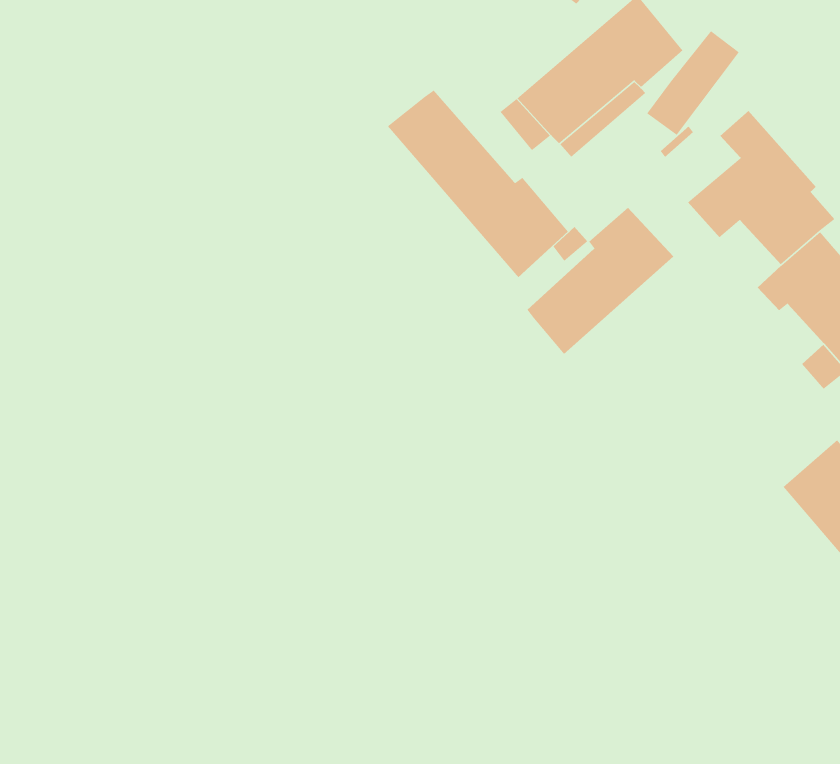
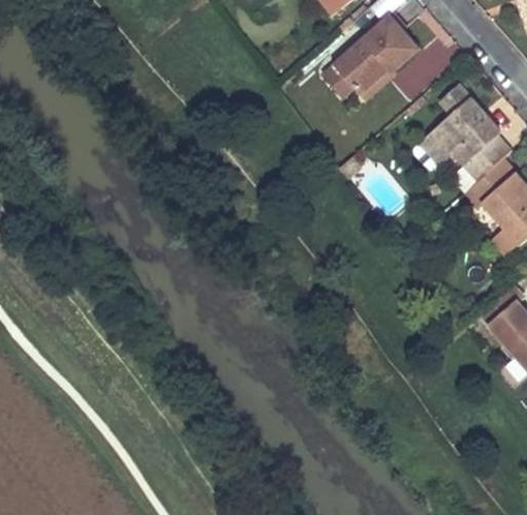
building: [387,90,569,278] -> none
building: [526,207,674,355] -> none

